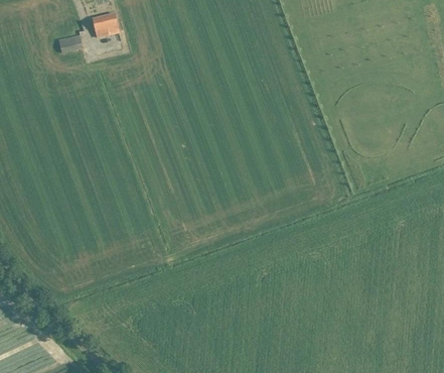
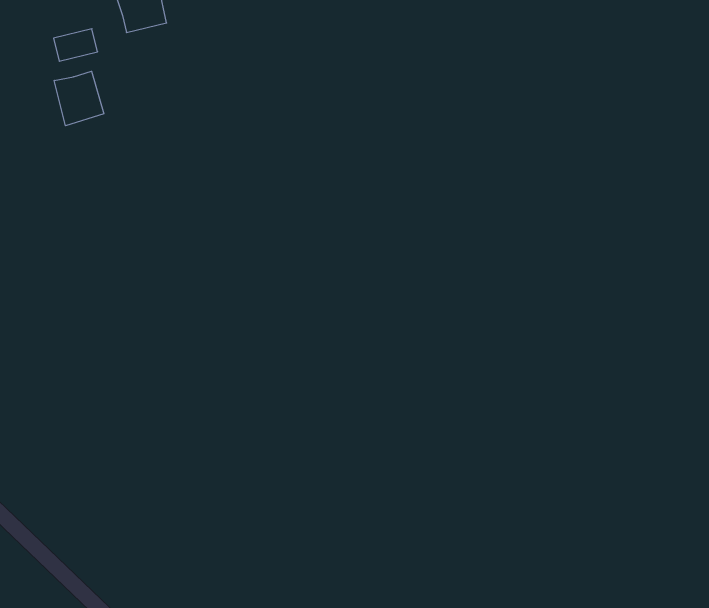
building: none -> [54,71,104,126]

